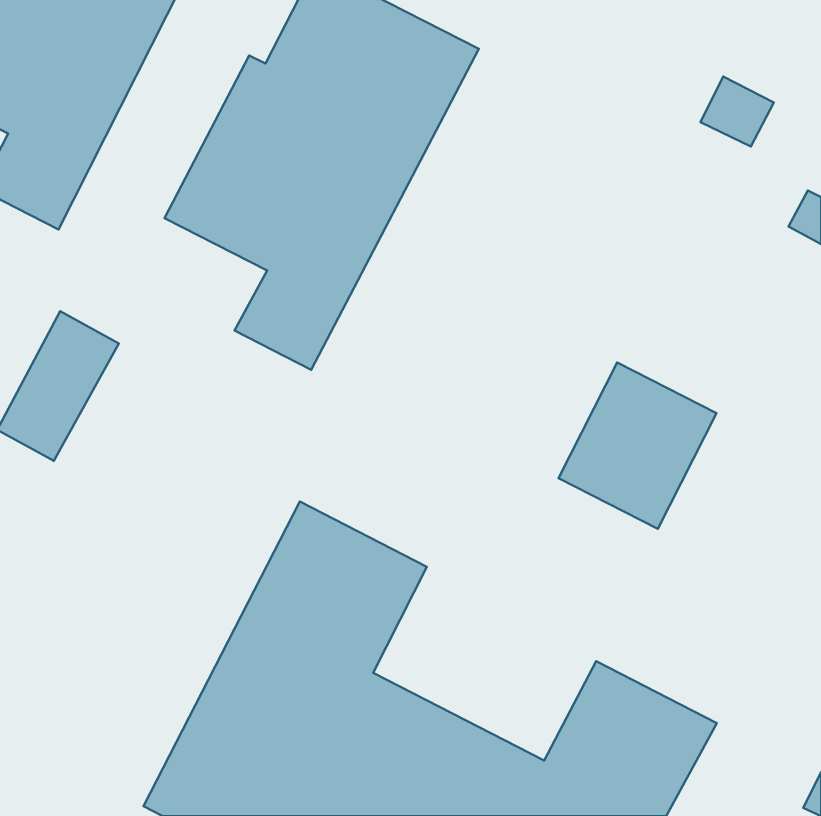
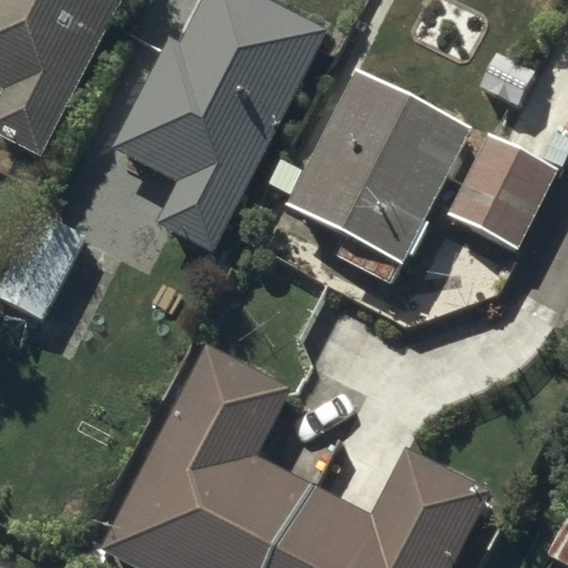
building: none -> [286,74,470,287]
building: [558,363,716,529] -> [447,135,555,248]

